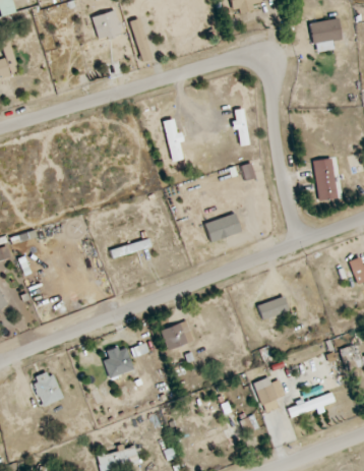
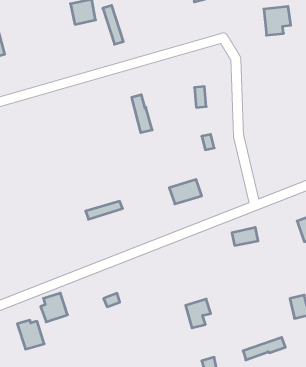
building: [314,158,336,199] -> none
building: [258,297,288,317] -> [232,227,258,245]
building: [161,321,193,349] -> none
building: [103,345,133,377] -> [41,293,68,322]
building: [256,379,285,412] -> [186,299,211,328]

